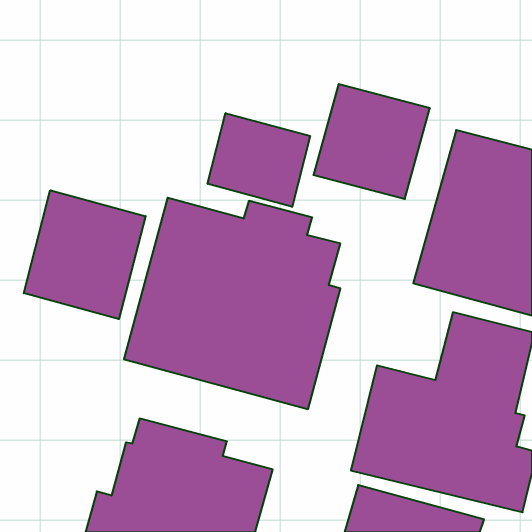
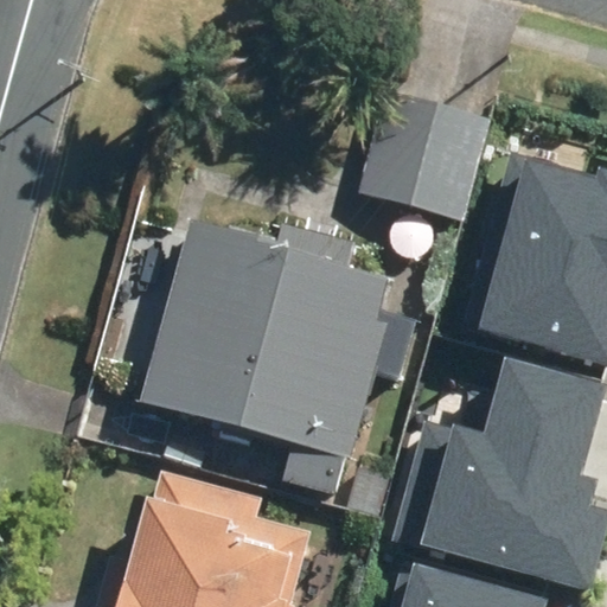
building: [208,113,310,207] -> none
building: [24,190,146,319] -> none

